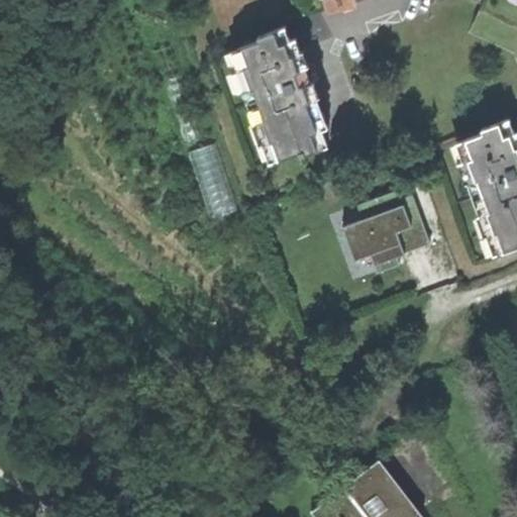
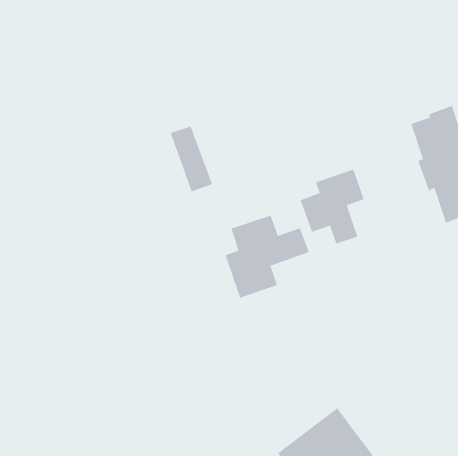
building: [238,29,329,162] -> none
building: none -> [225,215,310,299]

